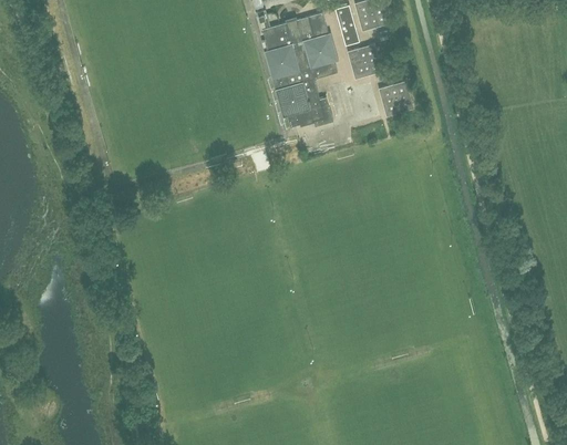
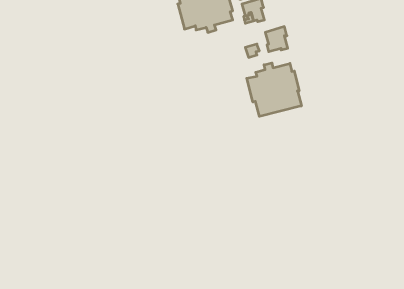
building: [272,80,332,127] -> none
building: none -> [247,63,301,116]

